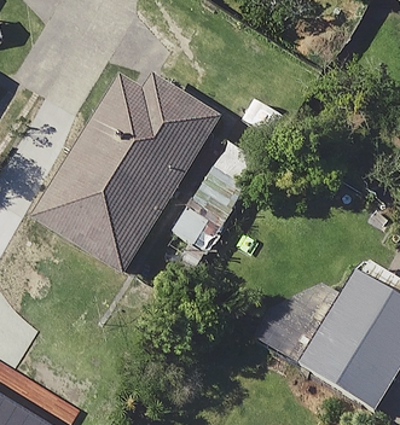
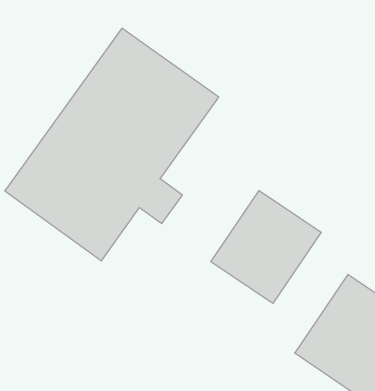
building: none -> [211,190,321,303]

